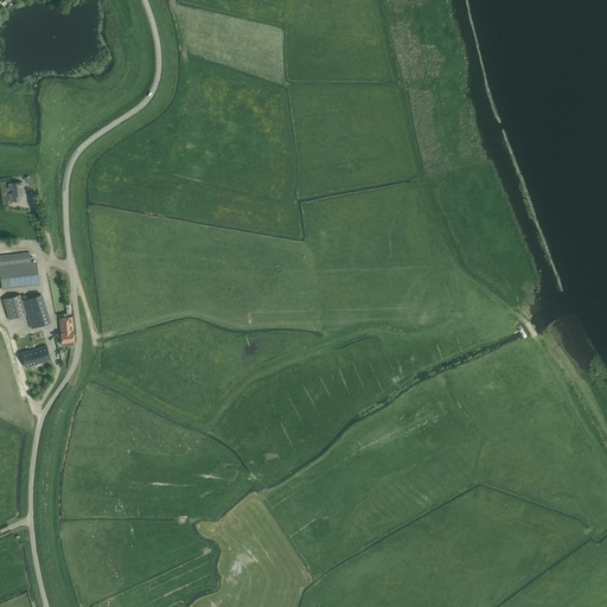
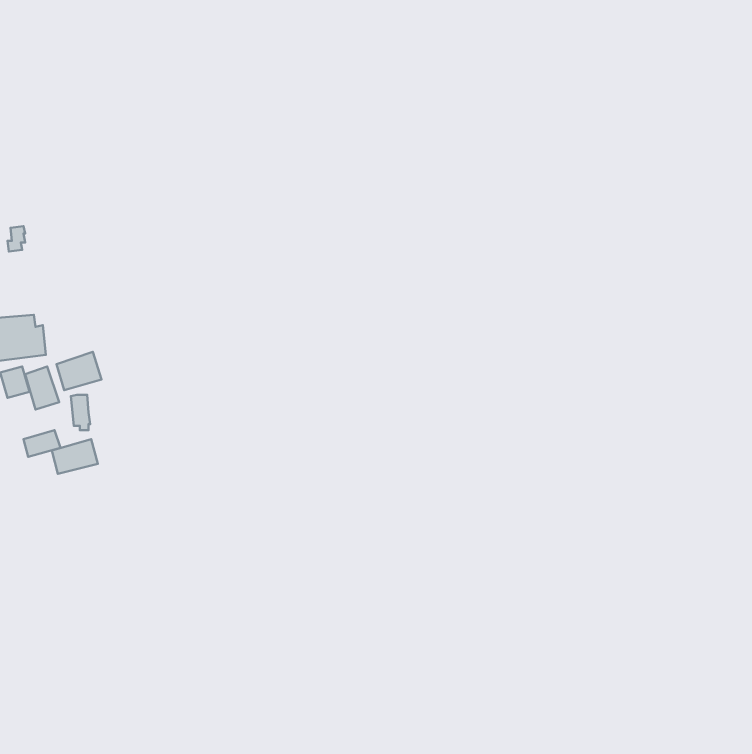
building: none -> [56,352,101,390]
building: none -> [52,439,98,474]

